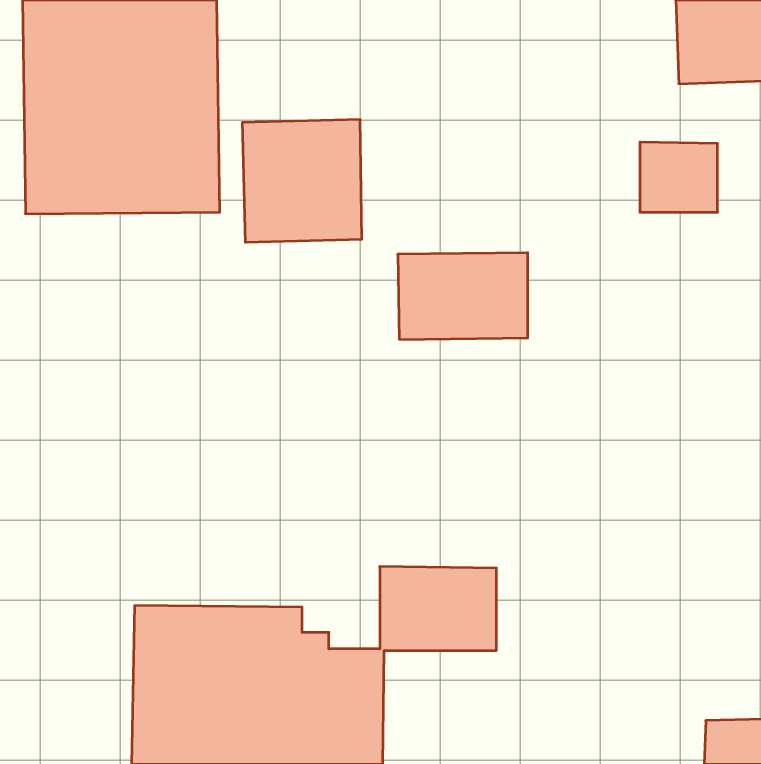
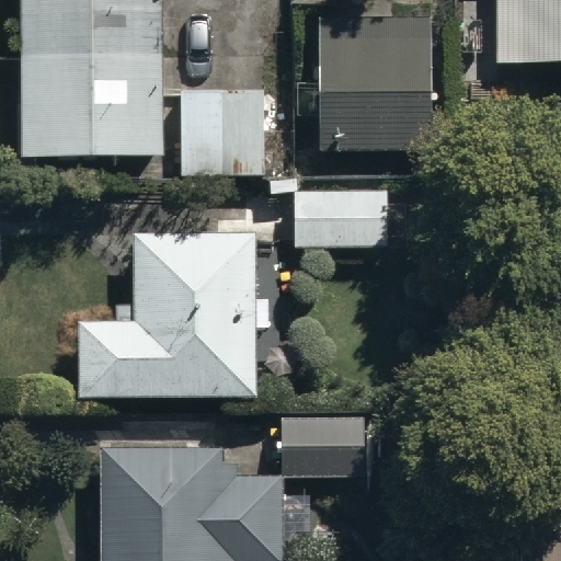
building: none -> [317,14,432,149]
building: none -> [78,229,255,397]

